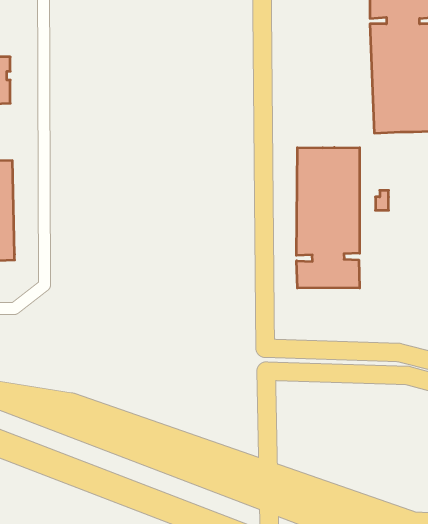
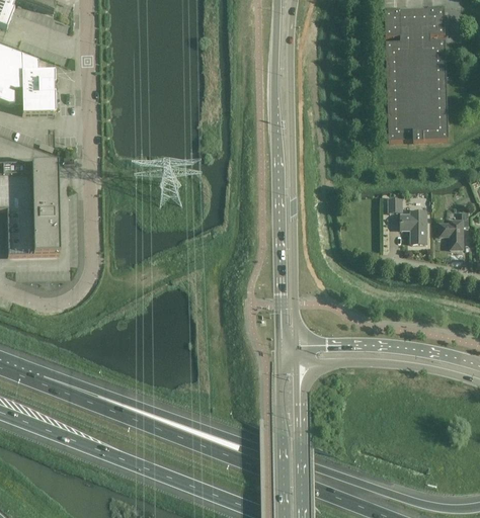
building: [296,147,360,288] -> none
building: none -> [400,208,425,240]

